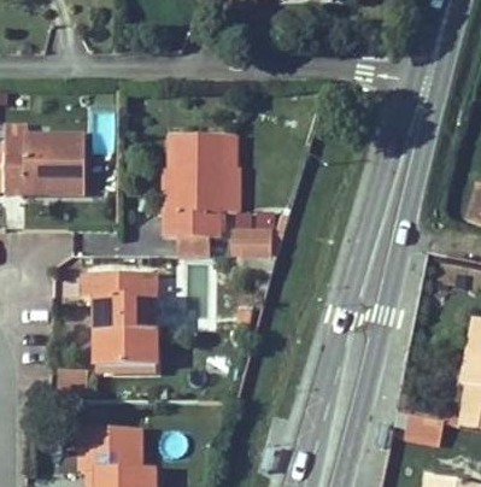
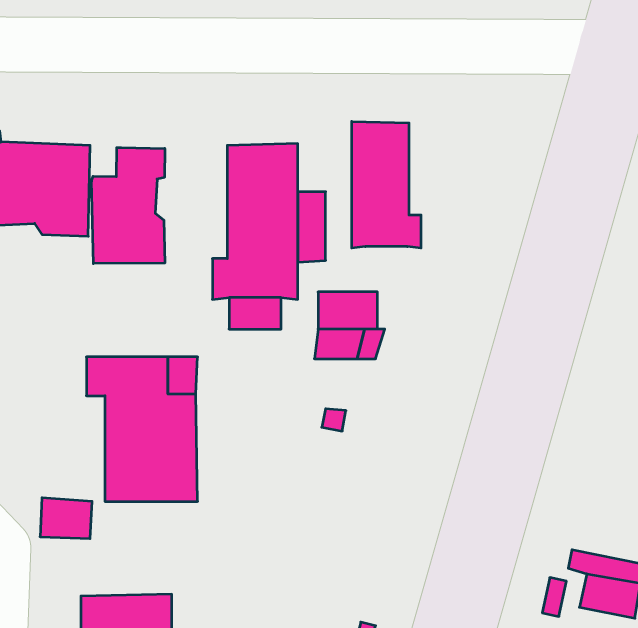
building: none -> [352,121,421,248]
building: none -> [92,148,165,264]

